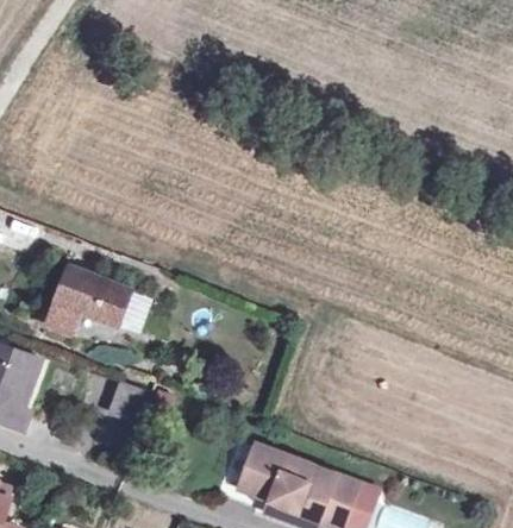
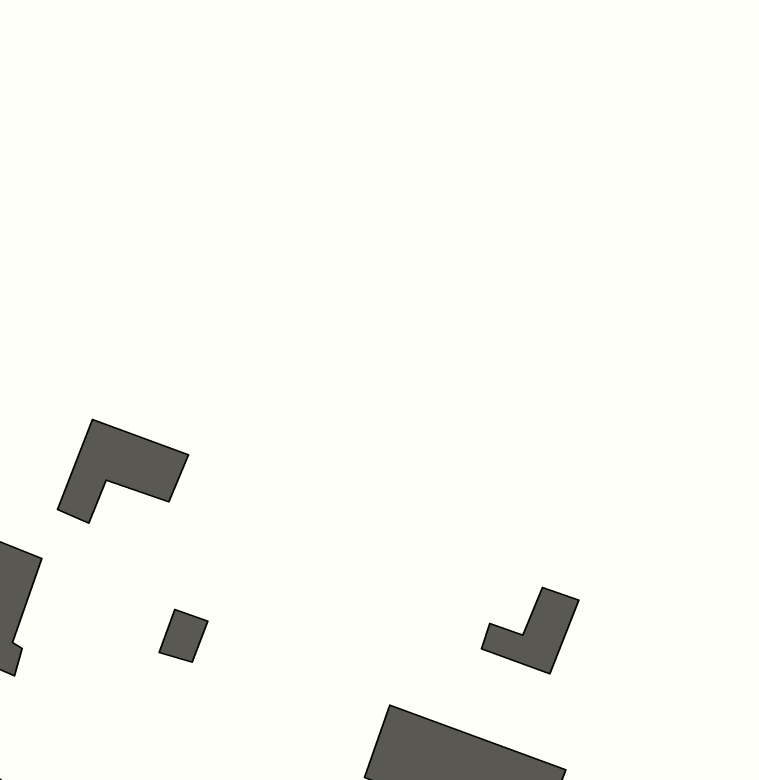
building: none -> [482,588,579,674]

